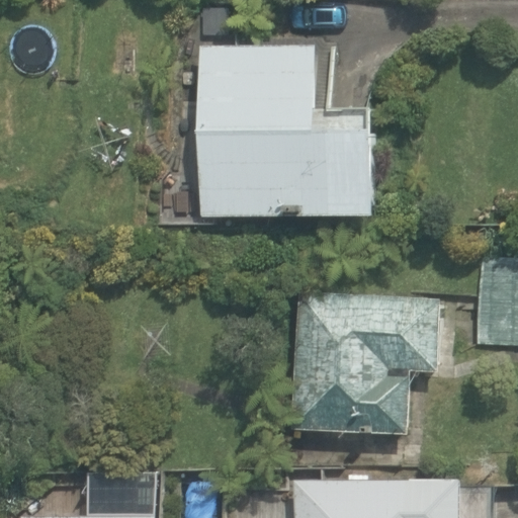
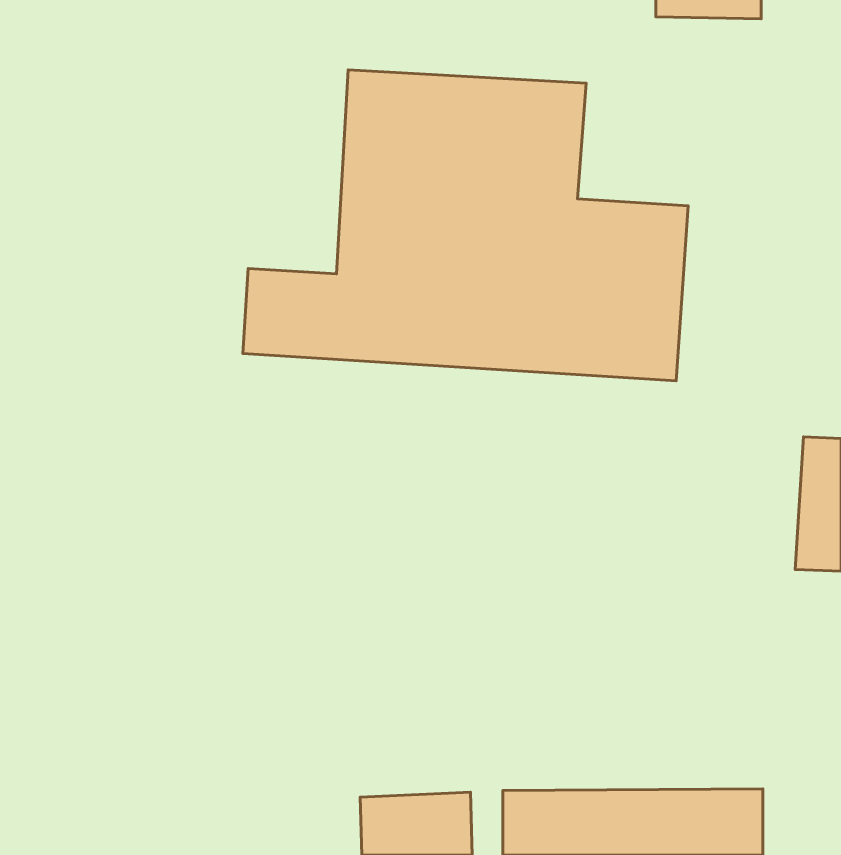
building: [281,289,450,441] -> none

